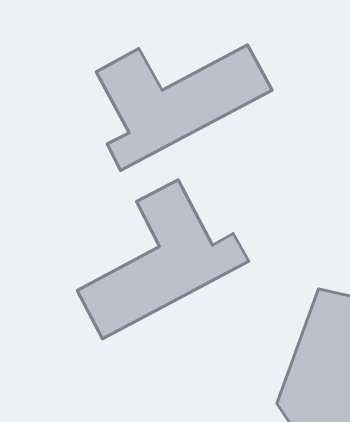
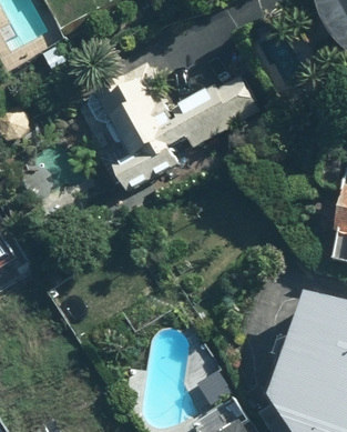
building: [77,180,249,339] -> none

